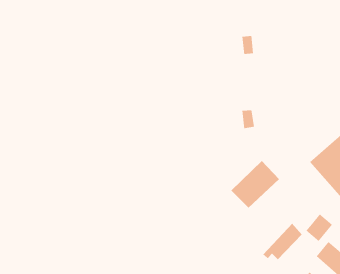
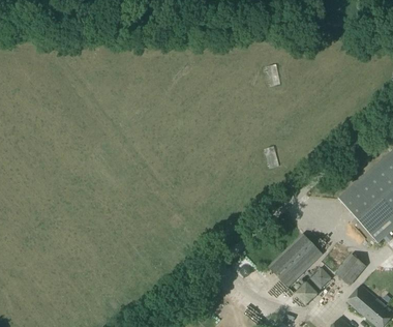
building: [230,160,280,209] -> [268,234,322,287]

